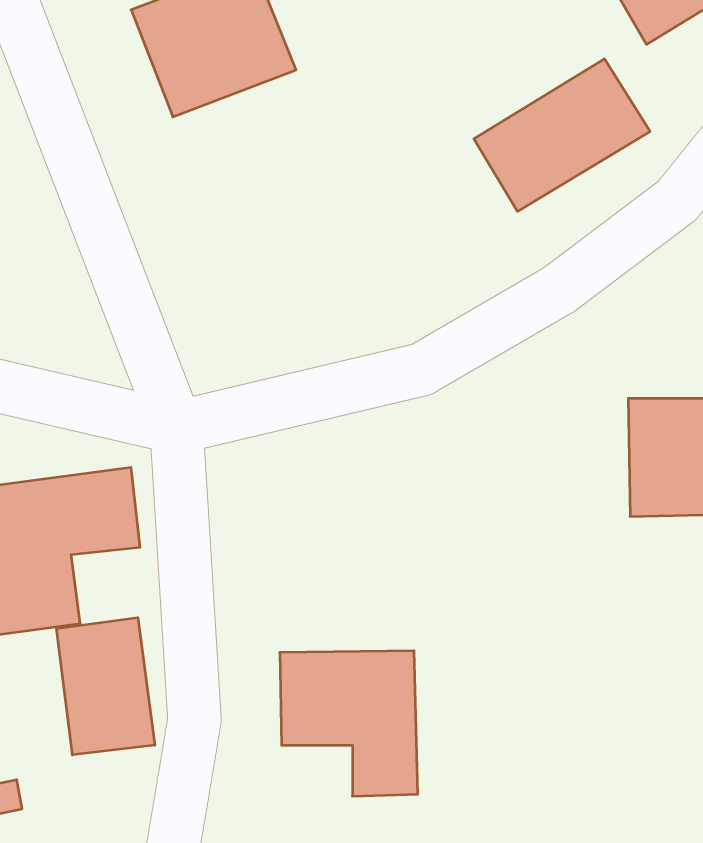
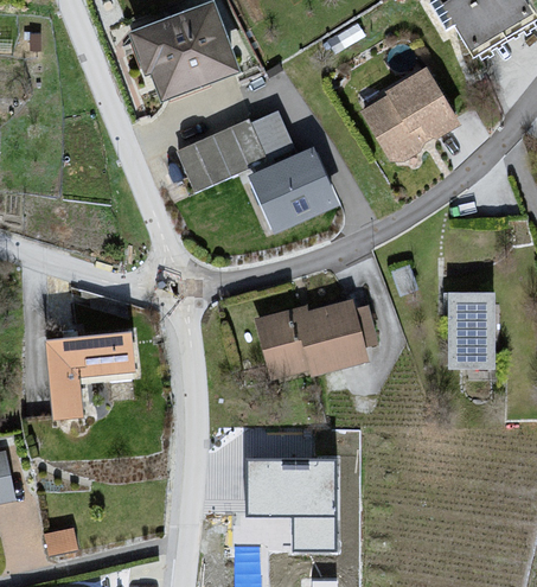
building: none -> [178,107,337,240]
building: none -> [257,301,362,376]
building: [57,618,155,755] -> none

